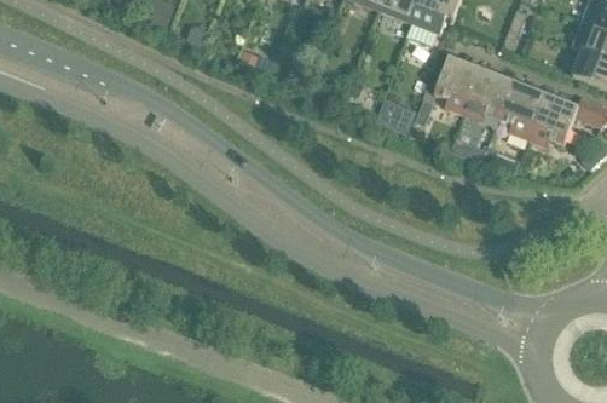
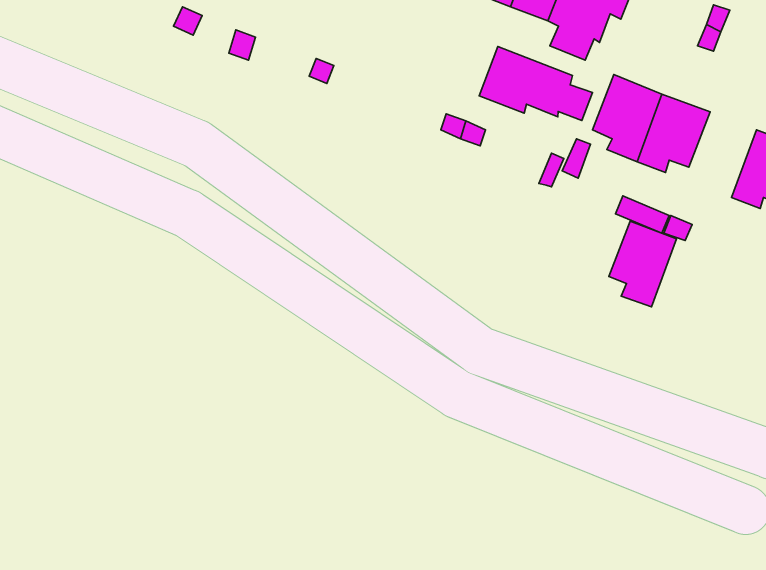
building: none -> [479,47,593,121]
building: [499,81,545,139] -> [609,221,677,307]

